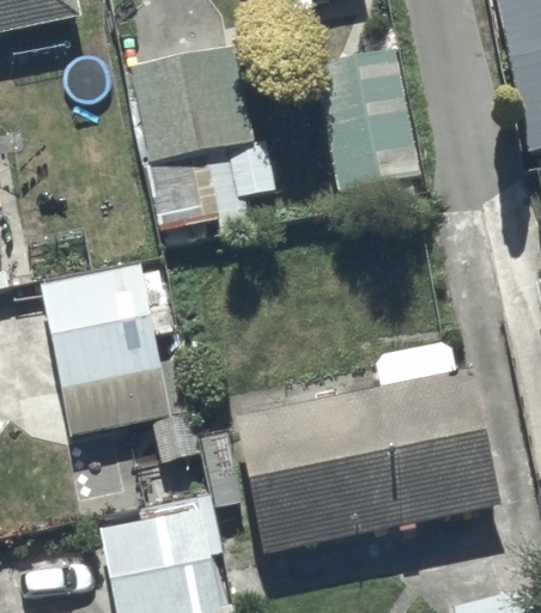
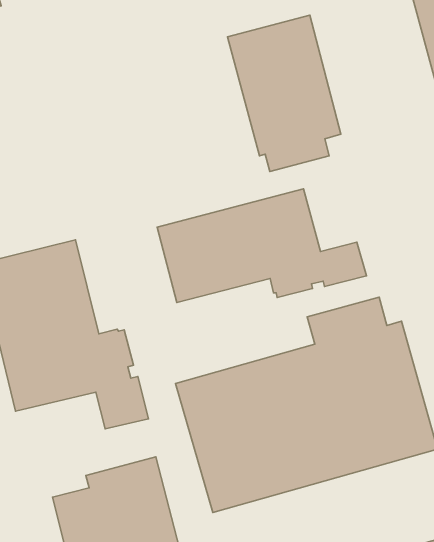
building: [127,43,280,232] -> none
building: none -> [157,189,367,303]

